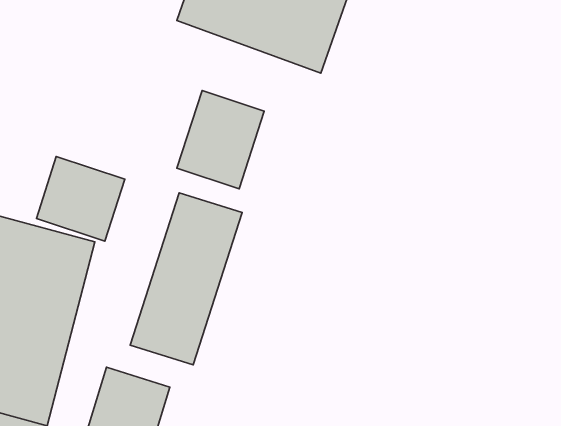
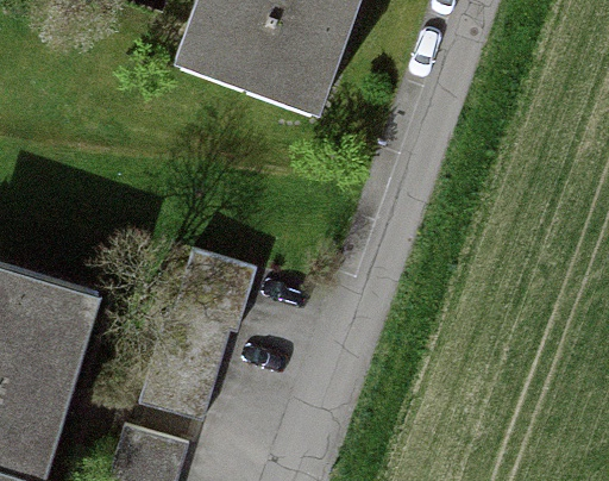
building: [177,90,264,189] -> none
building: [36,157,125,241] -> none

